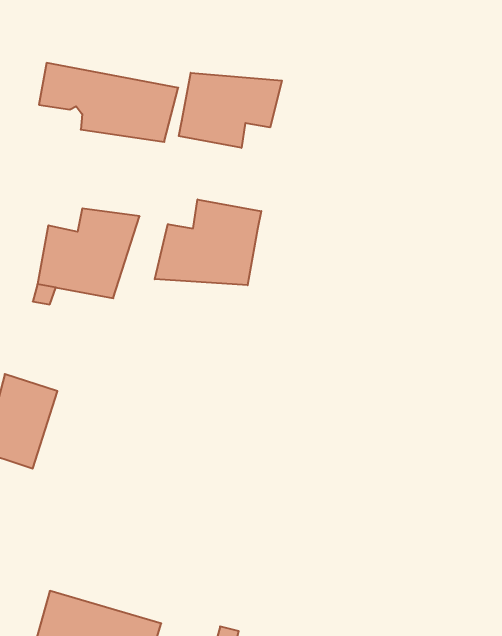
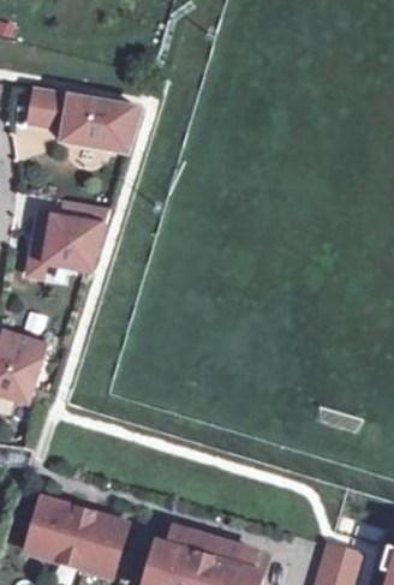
building: [179,73,282,148] -> none
building: [155,199,261,285] -> none

